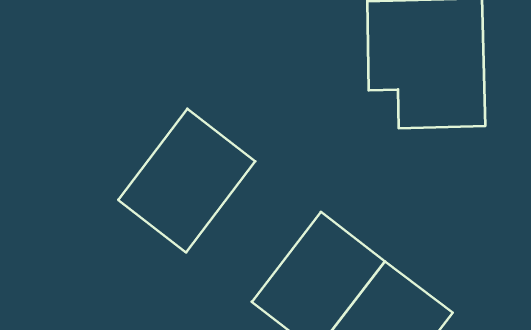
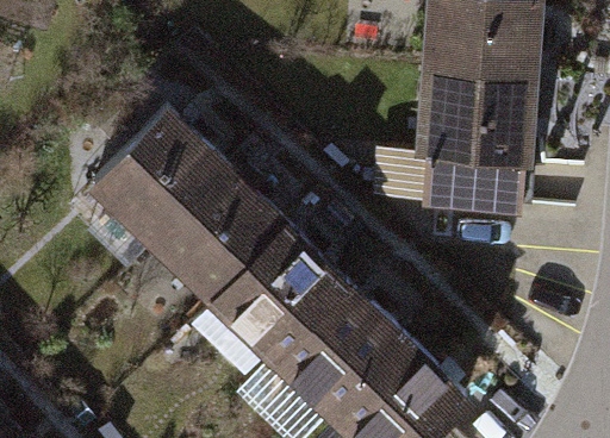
building: none -> [91,111,226,248]
building: none -> [210,224,350,365]

